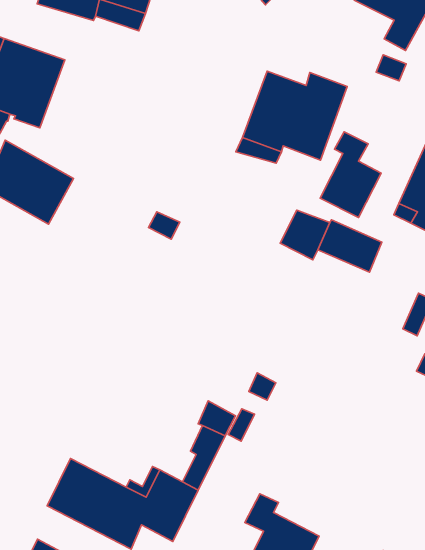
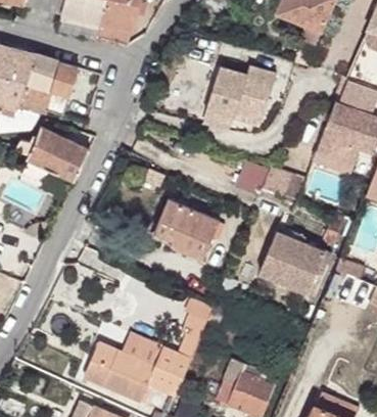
building: [320,132,381,218] -> none
building: none -> [153,199,224,258]
building: none -> [258,232,330,295]

